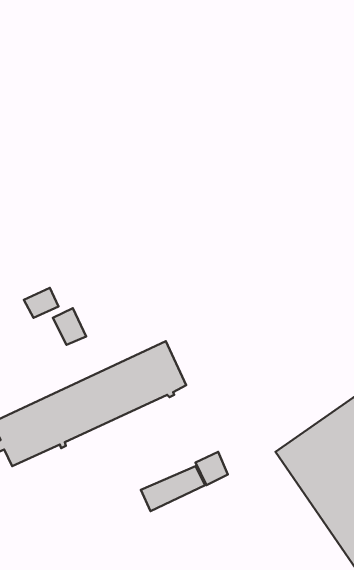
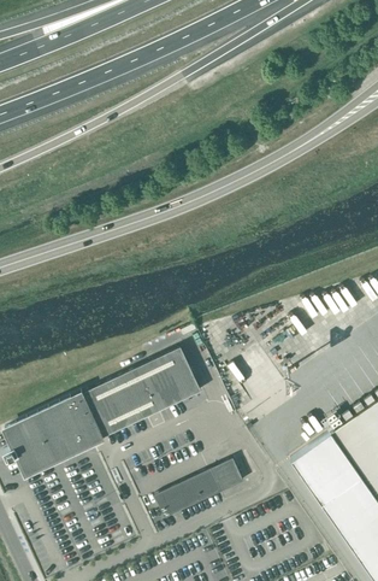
building: [24,288,58,318] -> none
building: [53,308,86,345] -> none

